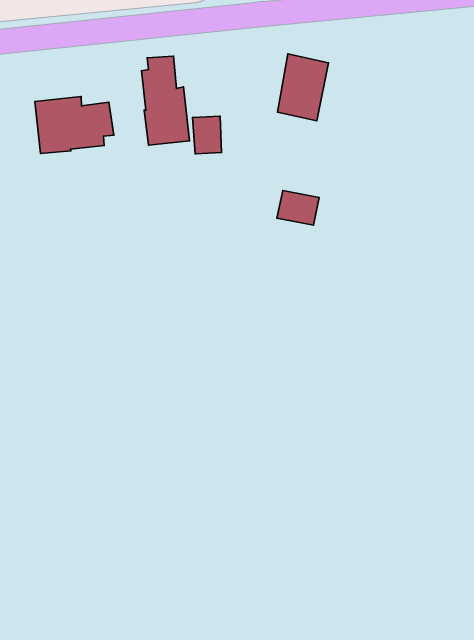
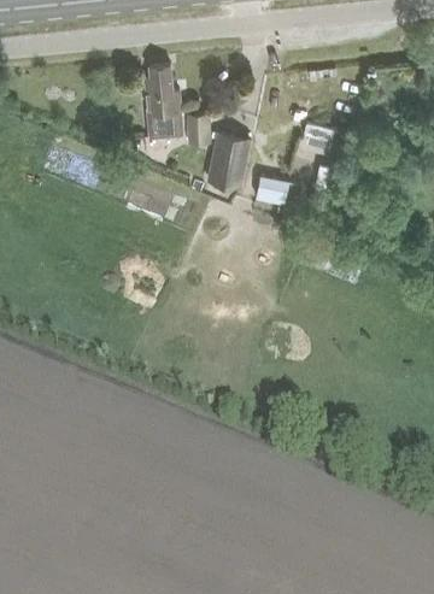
building: [278,54,329,121] -> [209,136,251,192]
building: [35,96,114,153] -> none

